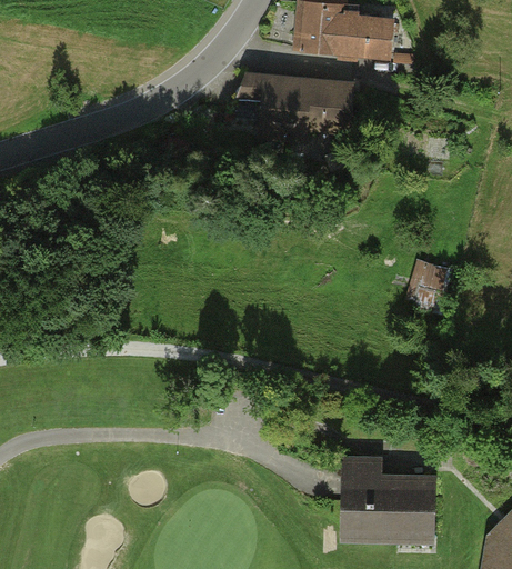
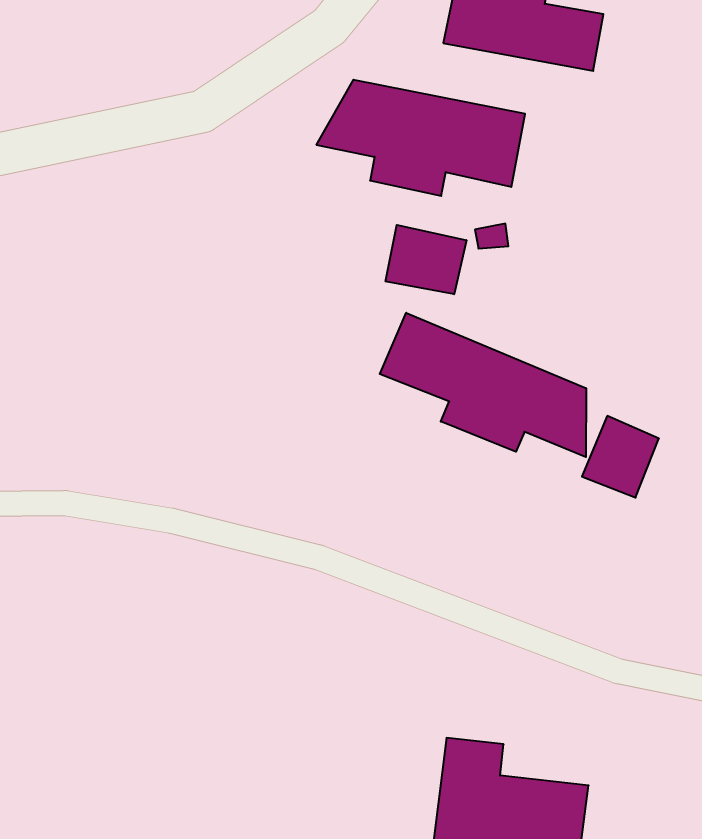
building: none -> [386,225,466,294]
building: none -> [380,313,586,457]

